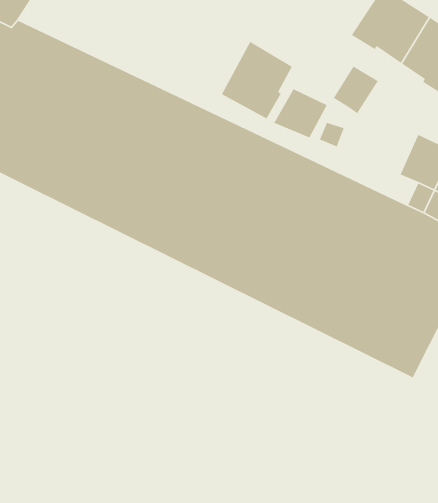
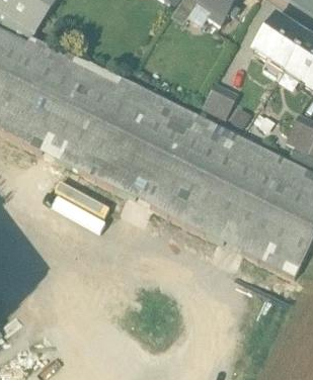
building: [221,41,293,120] -> none
building: [333,66,379,114] -> none

